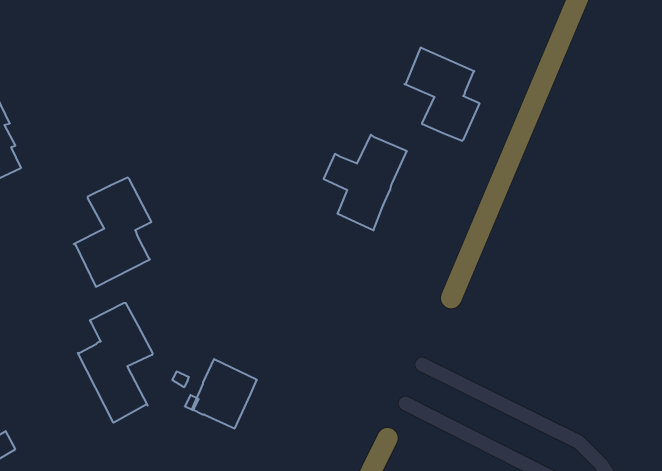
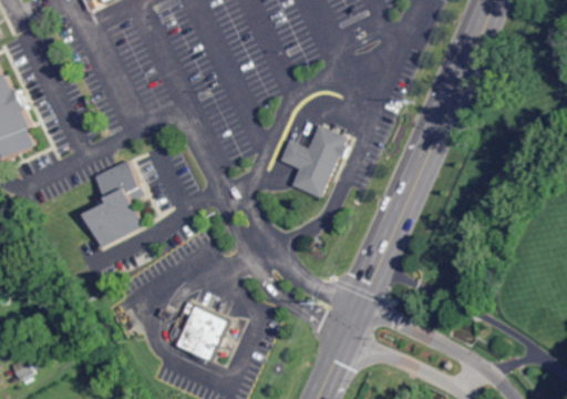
building: [404,47,479,141] -> none
building: [78,303,153,423] -> none

